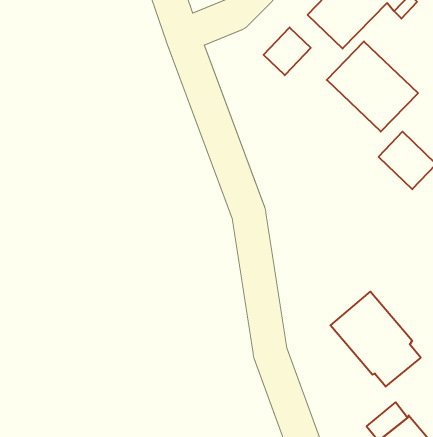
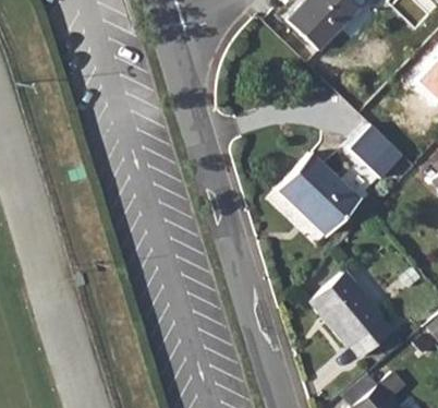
building: [264,27,311,75] -> none
building: [327,41,418,132] -> [278,152,361,233]

